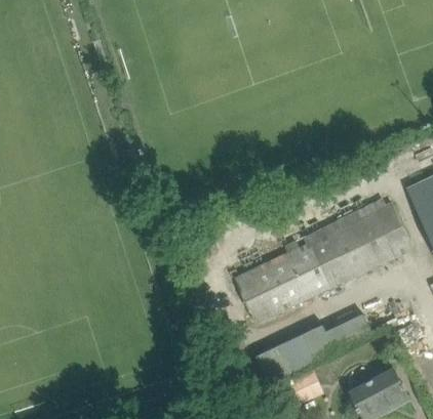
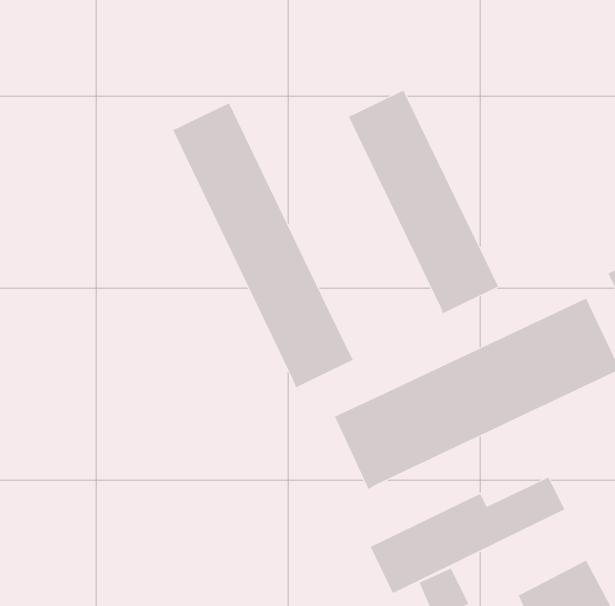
building: none -> [348,90,499,314]
building: none -> [172,103,353,388]

